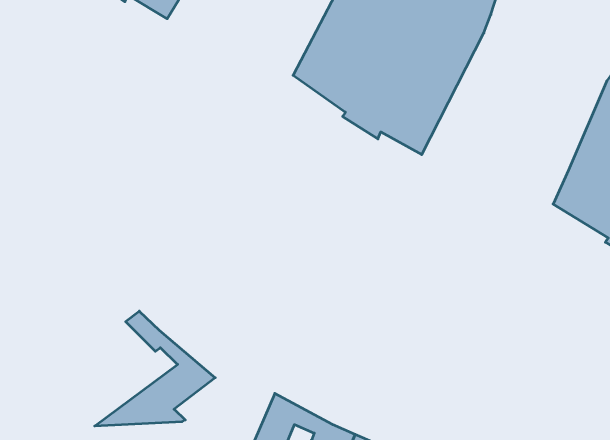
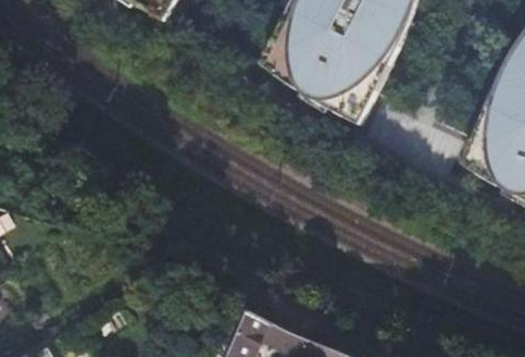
building: [95,311,215,426] -> none

